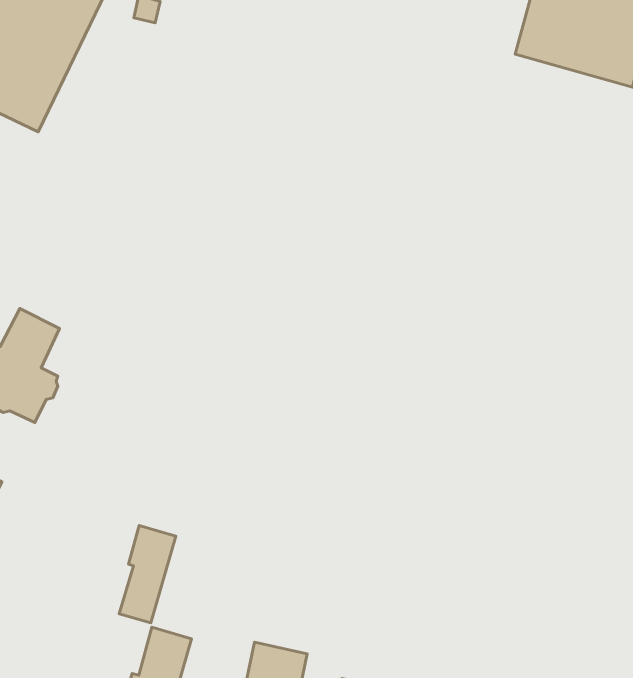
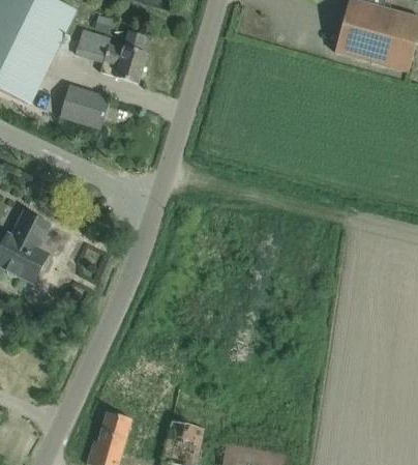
building: none -> [74,29,146,83]
building: none -> [60,85,109,127]
building: [119,525,176,623] -> none

